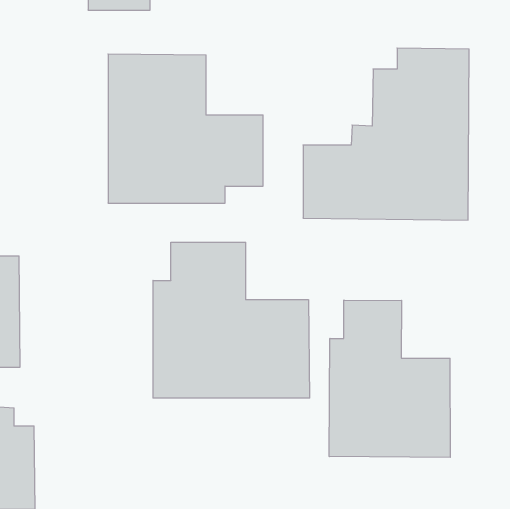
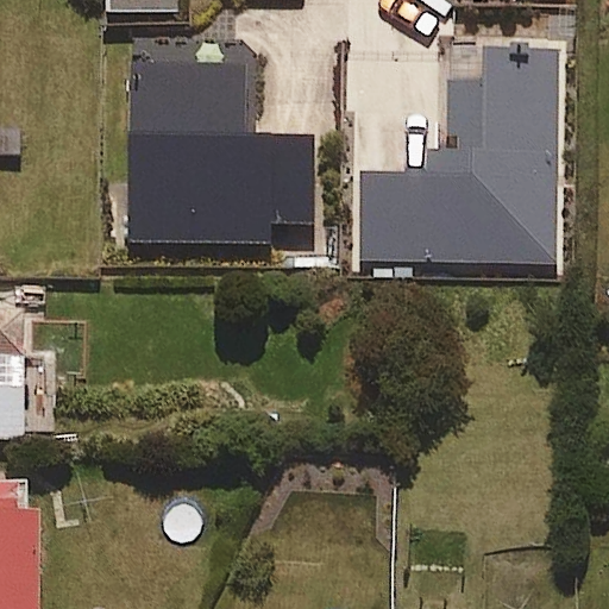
building: [153,242,310,398] -> none
building: [329,300,450,457] -> none

